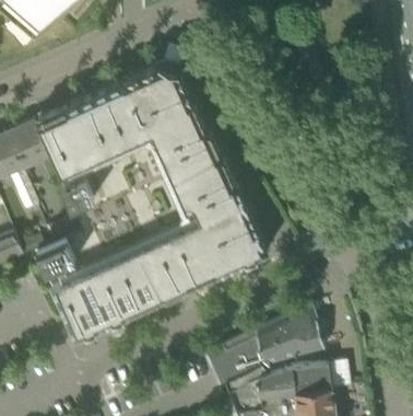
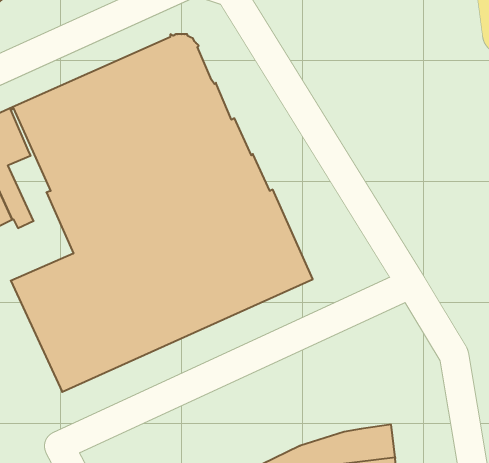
building: [203,305,322,386] -> none

